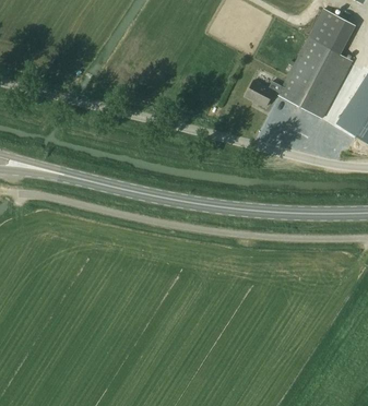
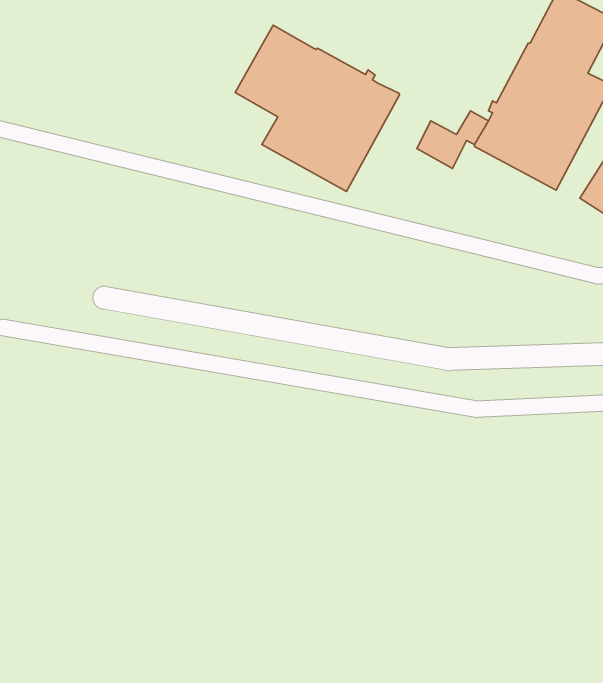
building: none -> [235,25,400,191]

